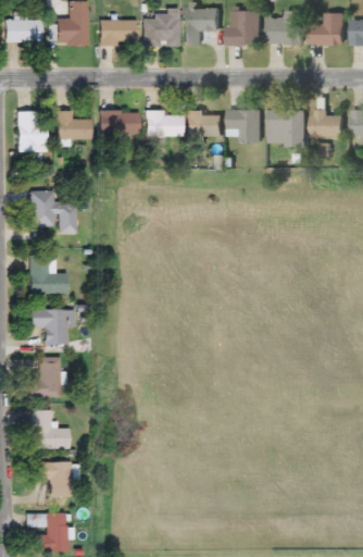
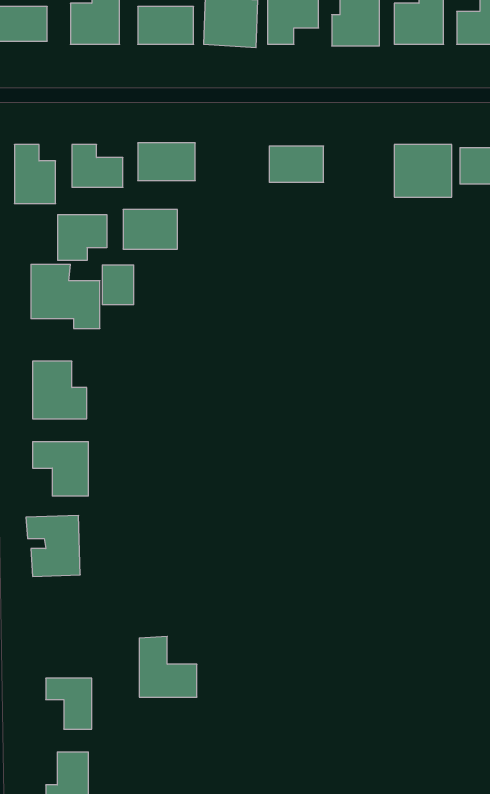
building: [147,110,183,136] -> [123,210,177,249]
building: [229,110,263,144] -> none
building: none -> [58,215,107,260]
building: none -> [102,265,134,305]
building: [33,409,71,449] -> [139,636,197,697]

